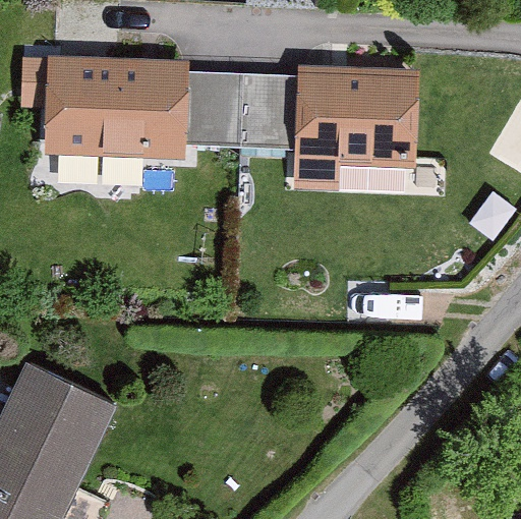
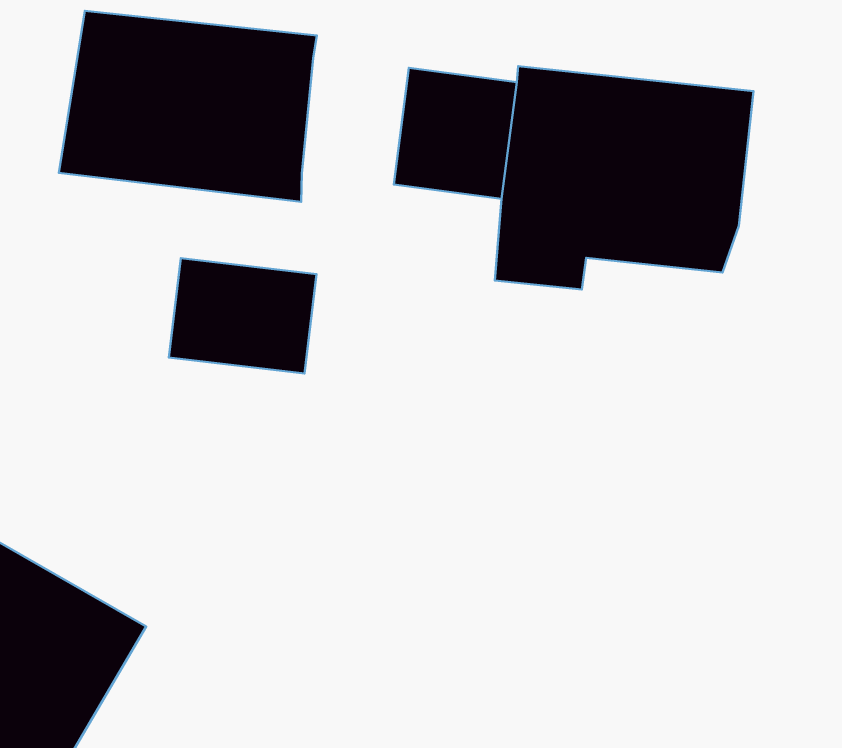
building: [180,74,236,142] -> none
building: none -> [169,258,317,374]

